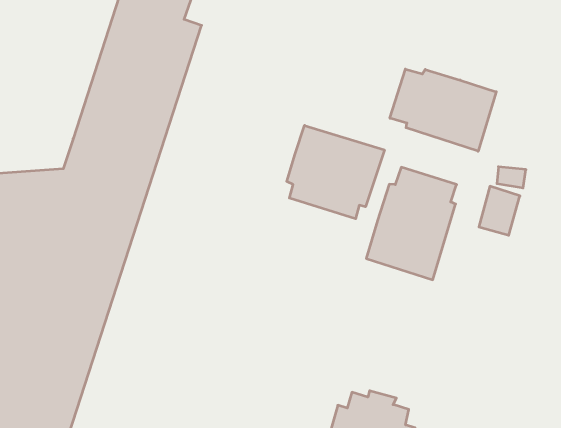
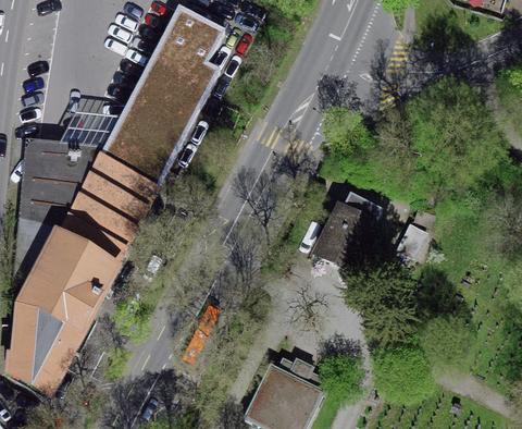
building: [390,69,496,151] -> none
building: [287,125,384,219] -> none

